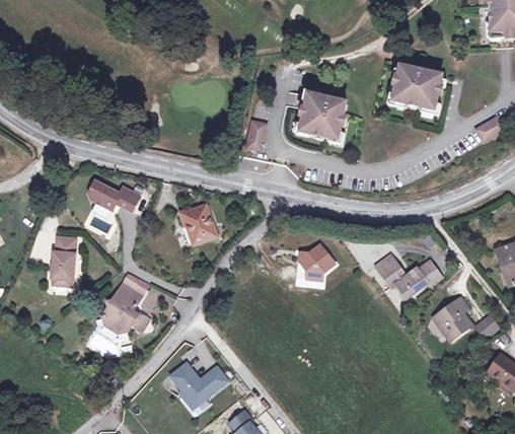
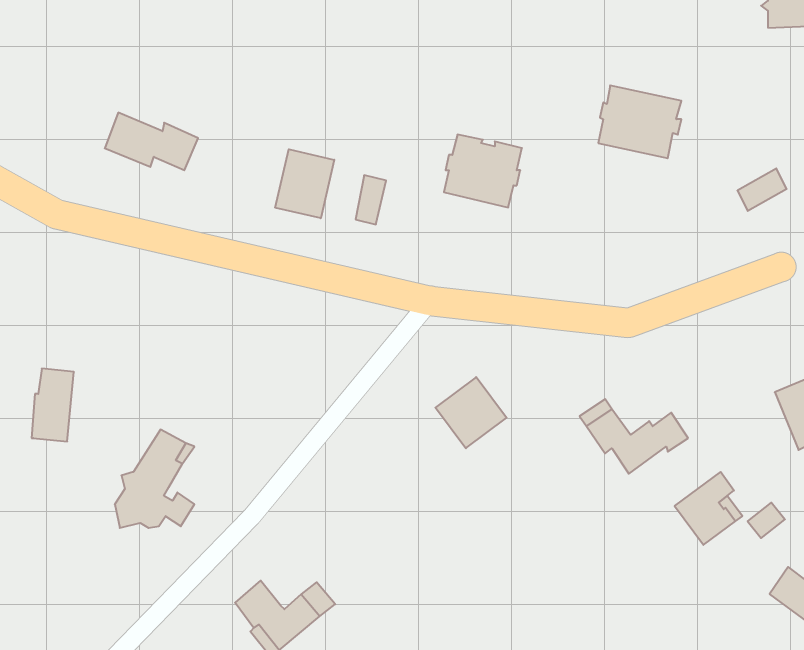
building: none -> [275,149,334,218]
building: [82,177,138,212] -> [105,113,198,170]
building: [180,205,217,244] -> none

